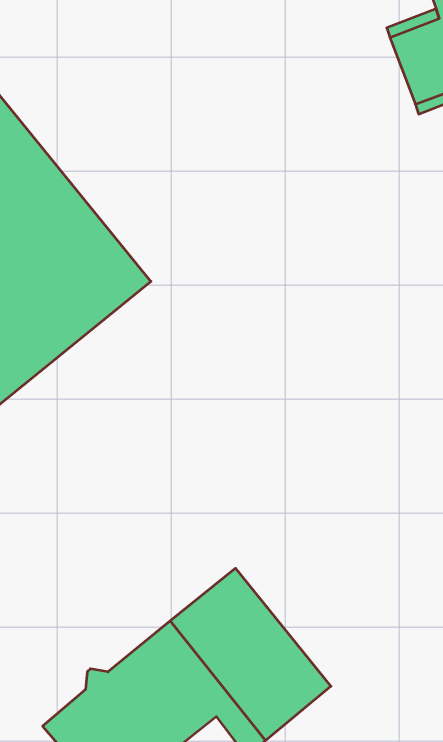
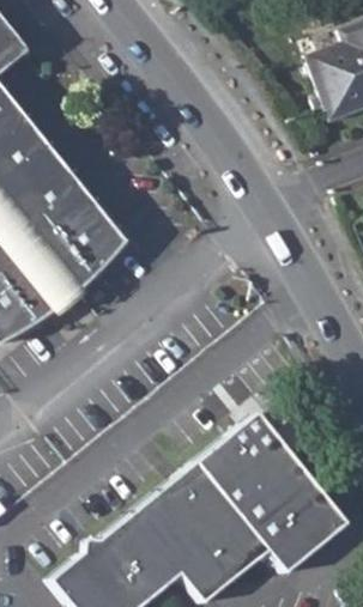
building: none -> [194,411,345,572]

